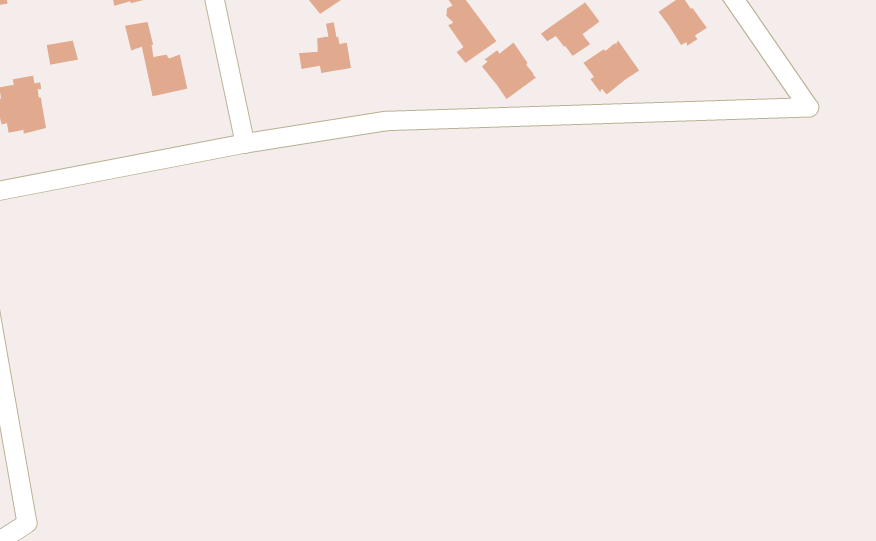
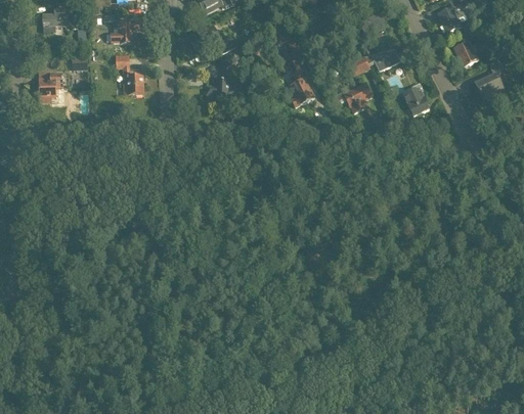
building: [582,39,640,95] -> none
building: [481,42,538,100] -> none

